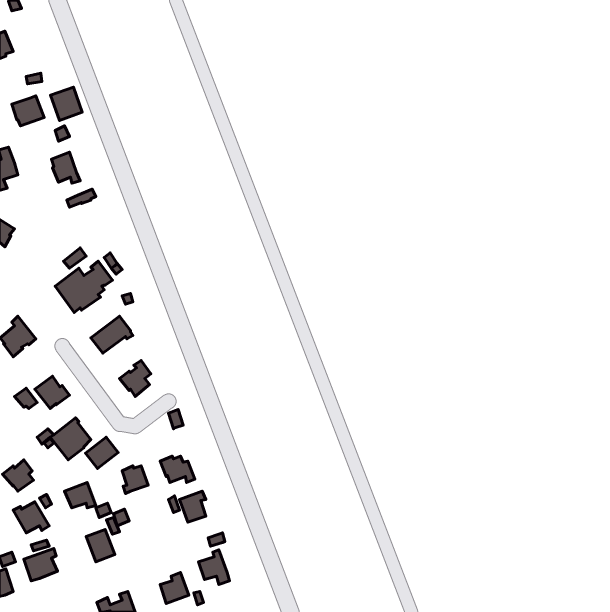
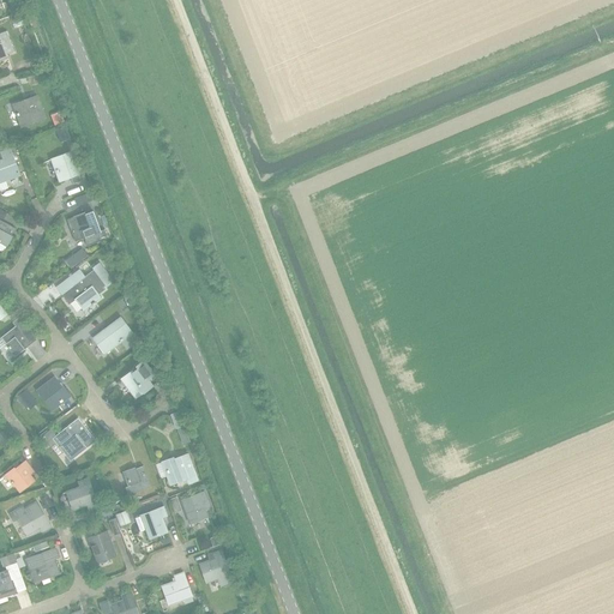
building: [51,87,82,120] -> none
building: none -> [66,211,106,246]
building: [86,437,118,468] -> none
building: none -> [133,506,165,537]

